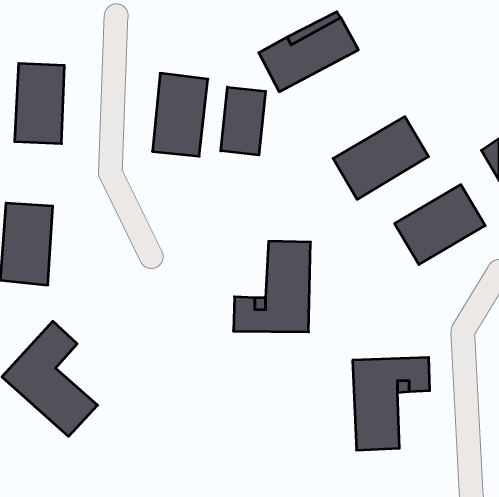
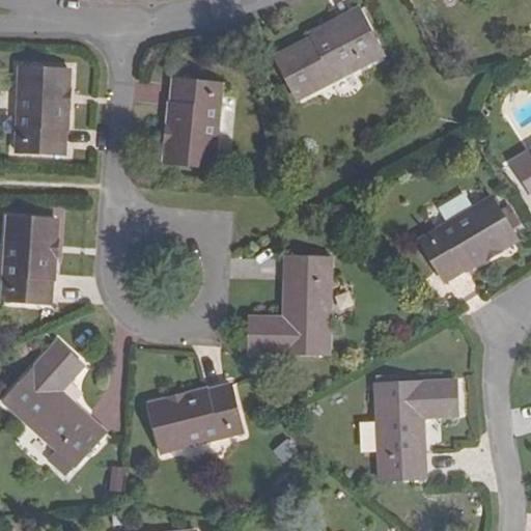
building: [221,87,266,155] -> none
building: [333,117,429,199] -> none
building: none -> [148,383,242,451]

